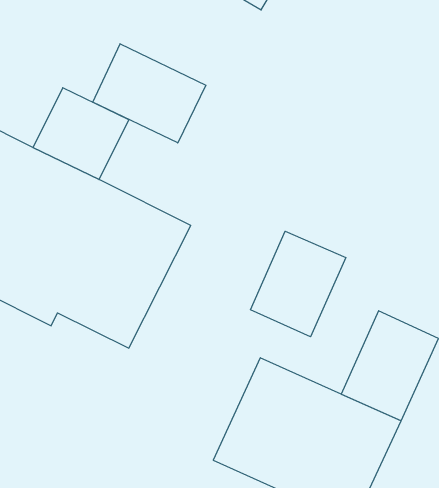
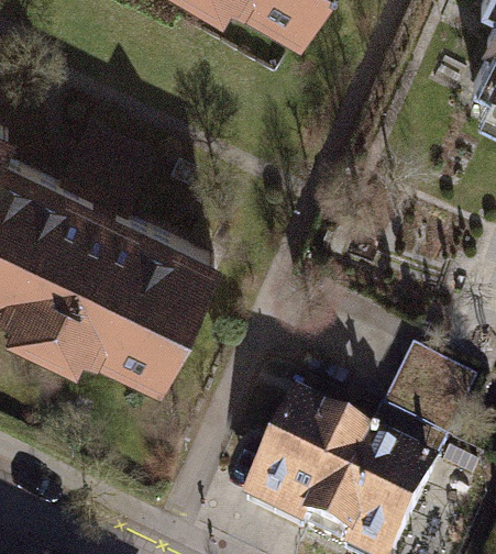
building: [93,44,206,143] -> none
building: [250,231,346,337] -> none

